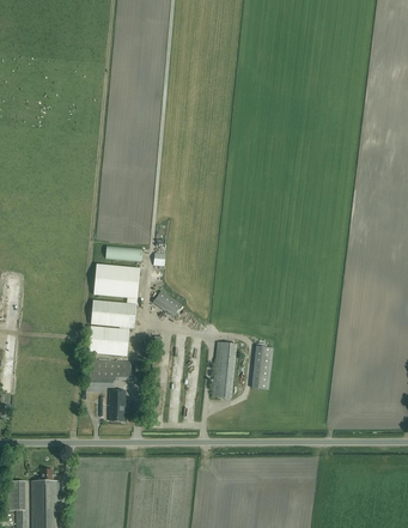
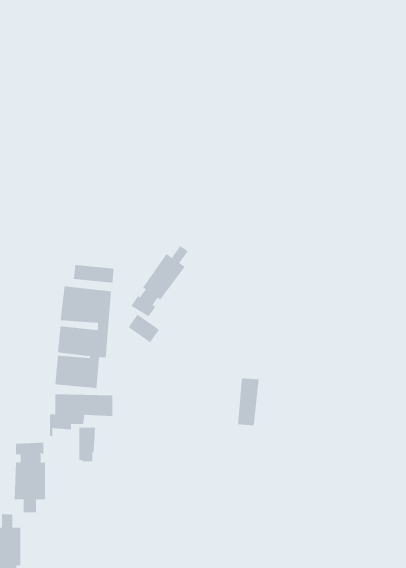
building: none -> [131,245,188,317]
building: [211,341,235,399] -> none
building: none -> [14,442,45,513]

